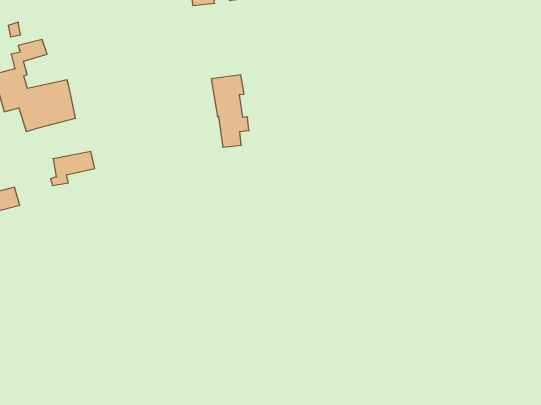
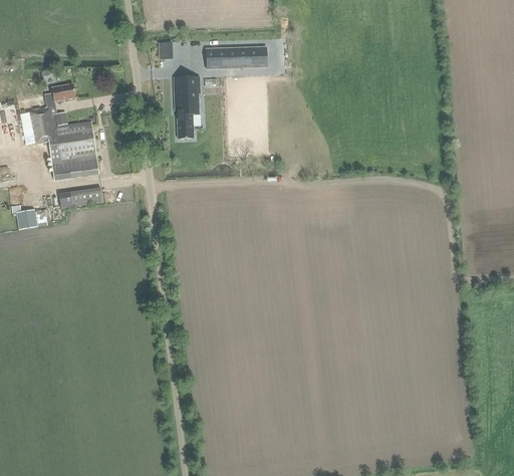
building: [211,75,249,147] -> [173,75,201,137]
building: none -> [67,156,97,176]

